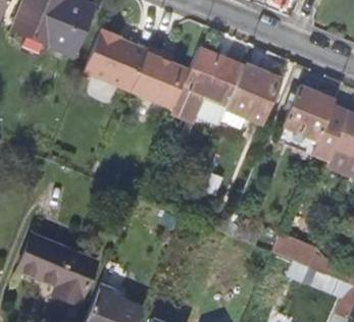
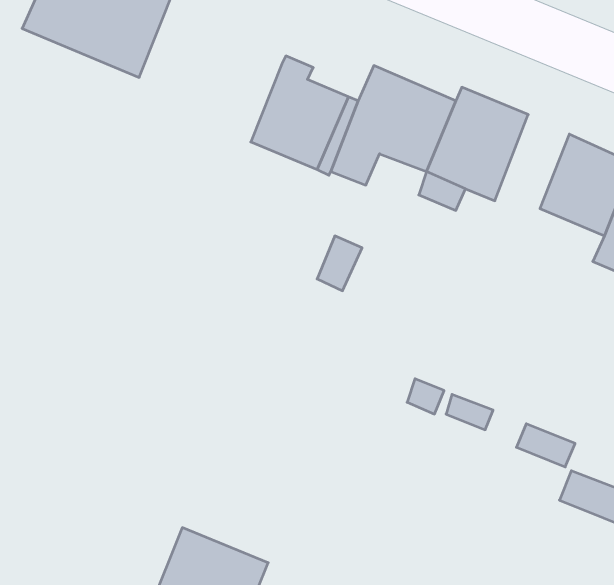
building: [87,29,149,92] -> none
building: [18,236,96,306] -> none

